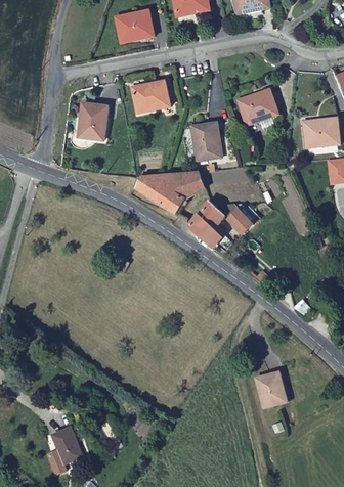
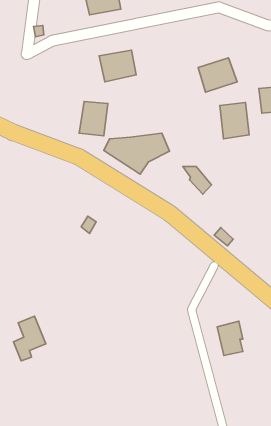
building: [76,103,106,140] -> [79,102,108,136]
building: [190,122,222,161] -> [220,103,249,139]
building: [187,202,224,248] -> none
building: [46,428,81,476] -> [13,316,46,361]

